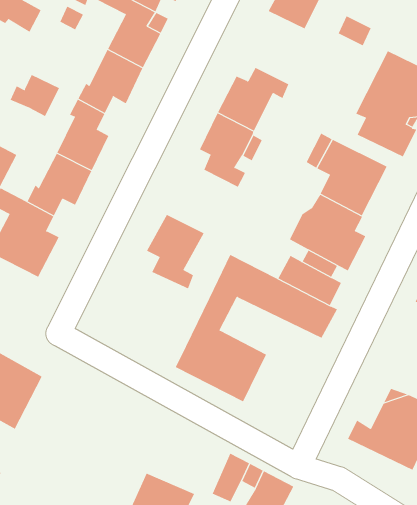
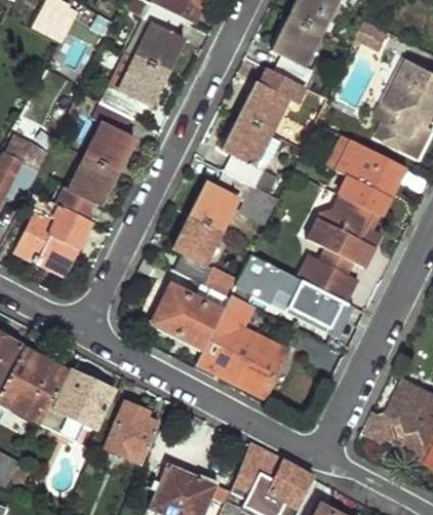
building: none -> [270,16,323,87]
building: [10,74,60,117] -> none
building: none -> [189,170,278,232]
building: none -> [150,285,230,354]
building: none -> [48,371,113,437]
building: none -> [107,402,159,464]

